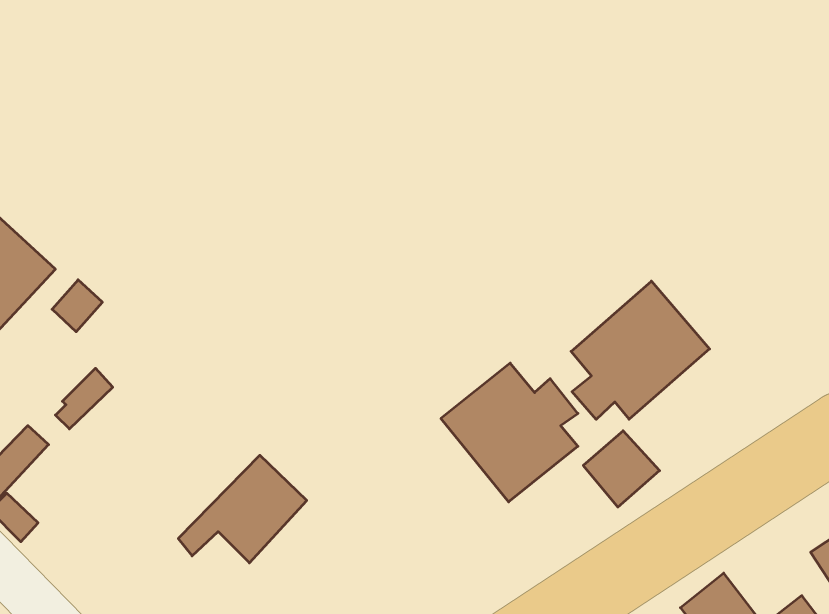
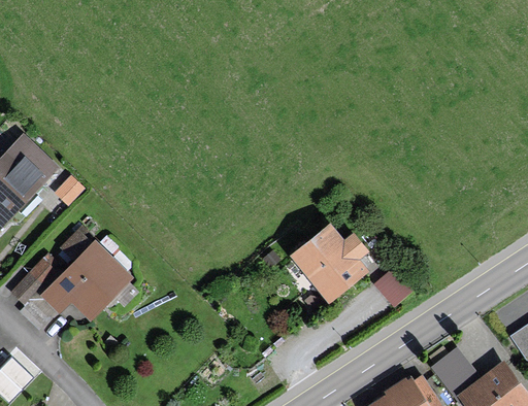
building: [571,281,710,419] -> none
building: [178,455,307,563] -> [47,248,124,312]

